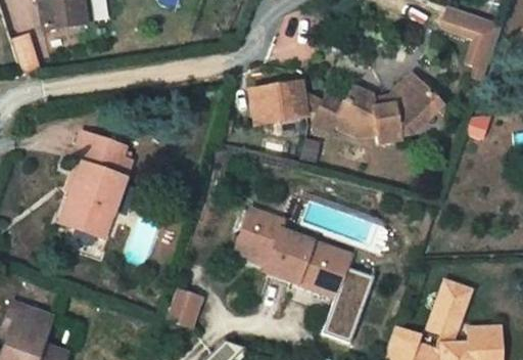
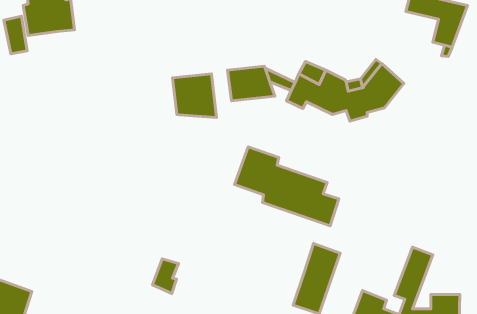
building: none -> [172,74,216,117]
building: [54,140,133,245] -> none
building: [234,213,344,297] -> [235,147,339,226]

